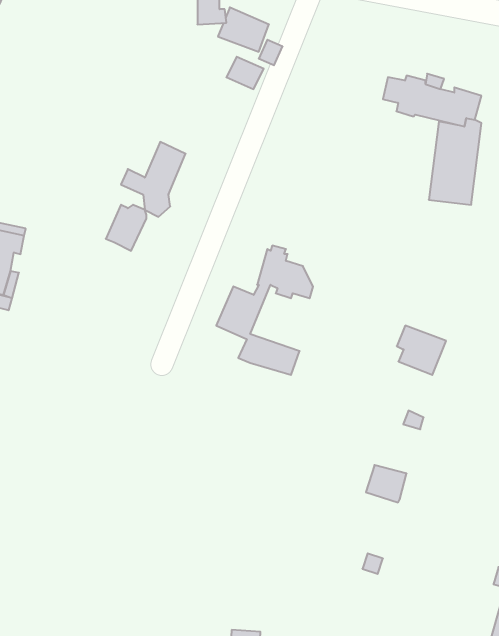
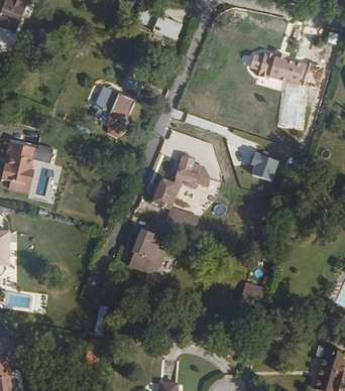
building: [106,205,146,251] -> [94,87,118,114]
building: [397,326,446,375] -> [250,151,279,180]
building: none -> [128,218,171,272]

